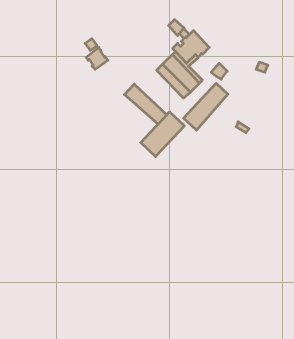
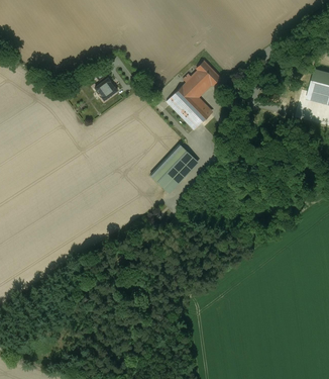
building: [184,83,228,130] -> none
building: [124,84,167,124] -> none

